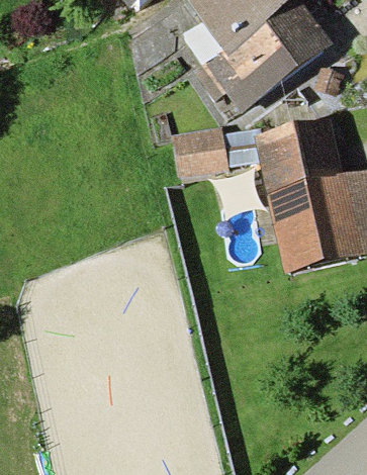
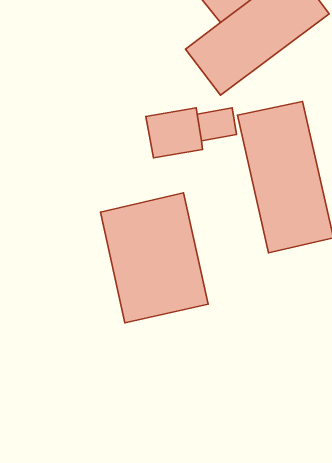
building: none -> [100,193,208,323]

